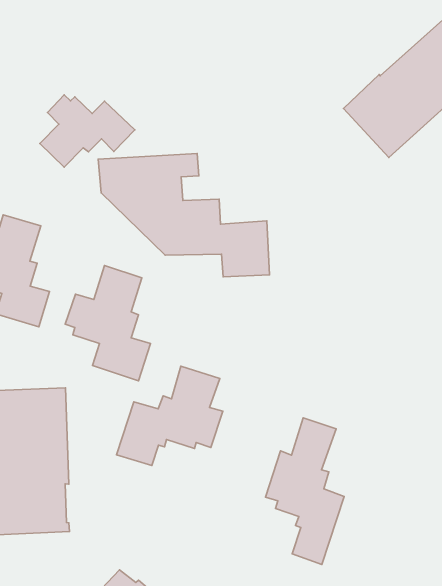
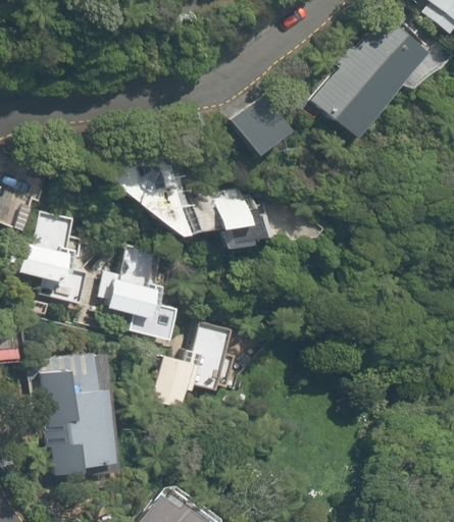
building: [40,95,135,167] -> none
building: none -> [230,94,293,157]
building: [265,418,344,564] -> none

